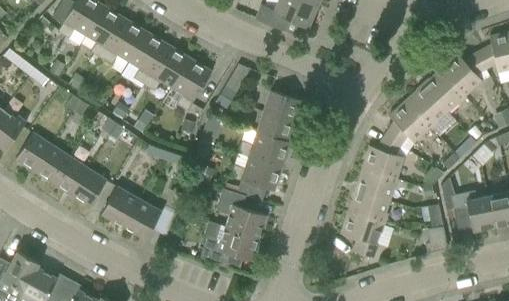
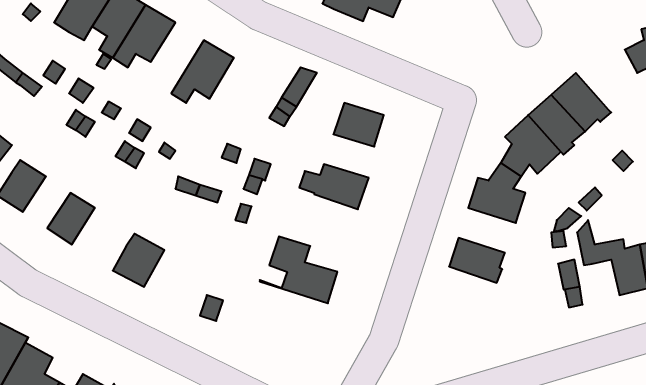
building: [129,32,168,84] -> none
building: [441,52,486,96] -> none
building: [172,58,212,111] -> none
building: [256,114,293,146] -> none
building: [35,145,70,183] -> none
building: [230,158,281,191] -> none
building: [71,168,106,207] -> none
building: [355,168,399,201] -> none
building: [124,199,162,239] -> none
building: [341,211,383,258] -> none
building: [201,222,259,265] -> none

